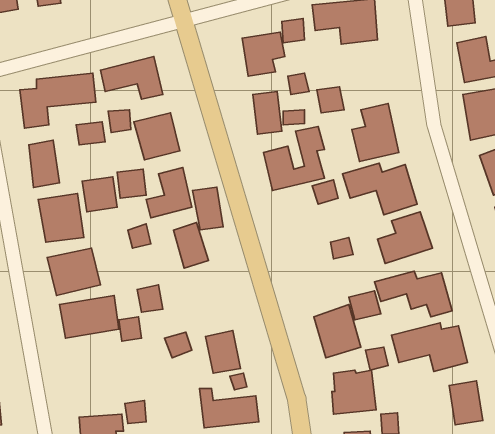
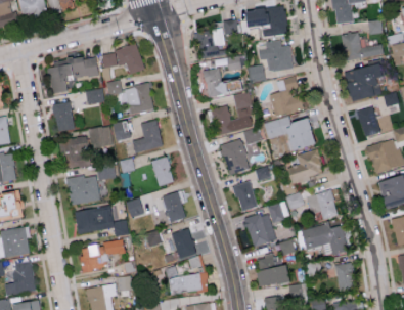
building: none -> [259,41,293,72]
building: [193,187,223,230] -> [163,193,183,222]
building: none -> [219,139,250,175]
building: none -> [234,182,256,211]
building: none -> [78,240,125,272]

